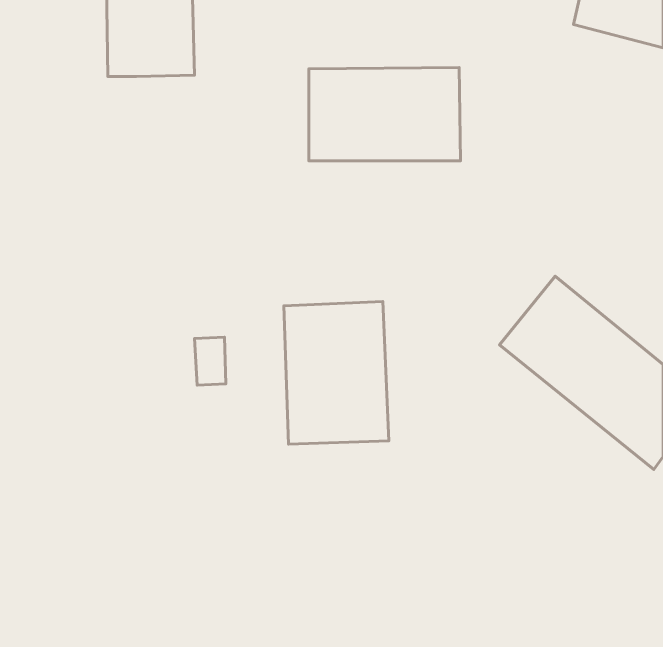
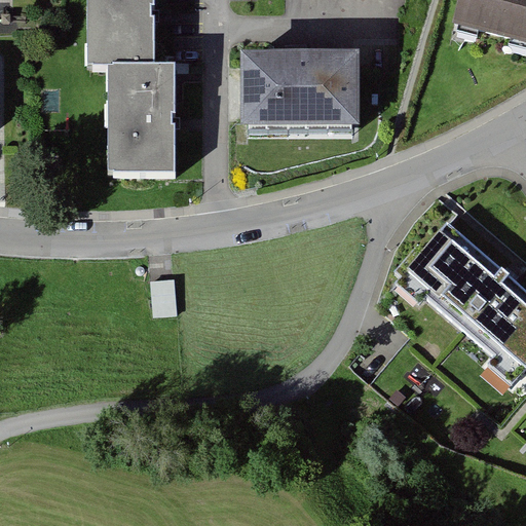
building: none -> [107,61,175,170]
building: [284,301,389,444] -> none

